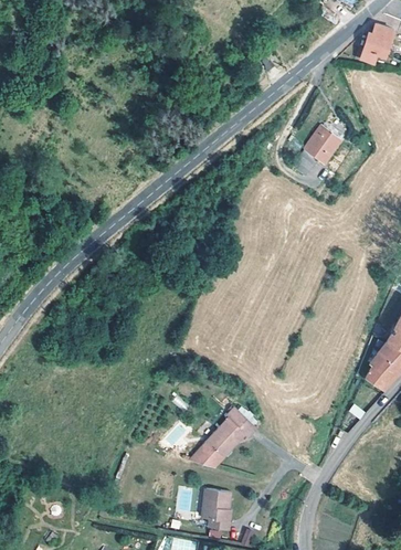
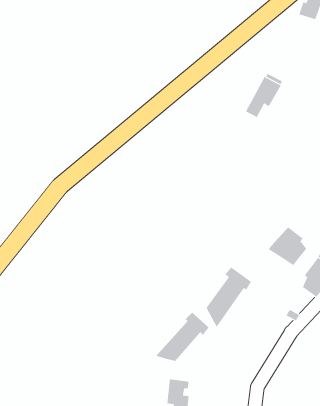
building: none -> [268,227,307,266]
building: none -> [206,267,252,327]

